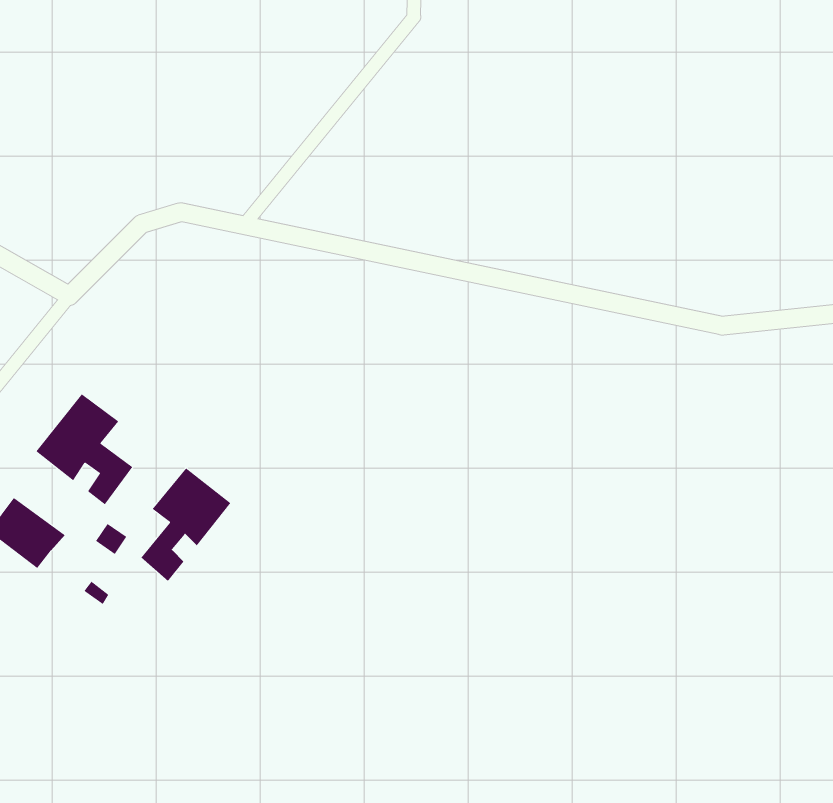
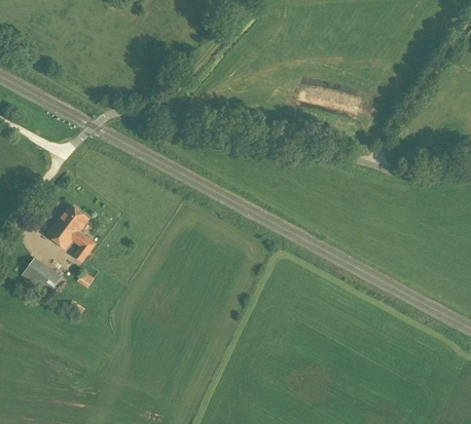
building: [141,468,231,582] -> none

